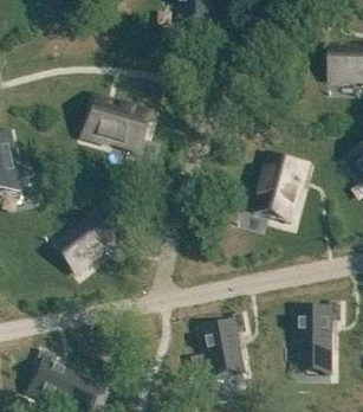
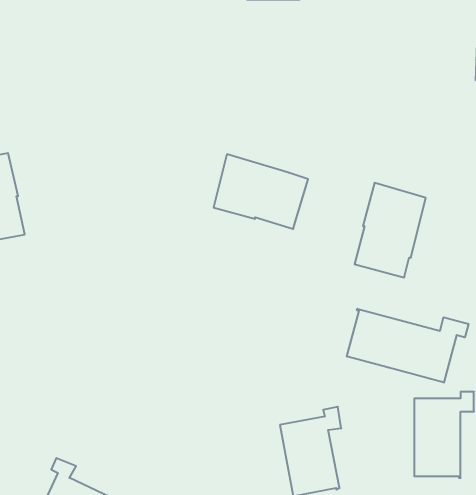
building: [83,96,150,149] -> [214,154,308,229]
building: [64,205,128,265] -> none
building: none -> [347,309,468,383]

